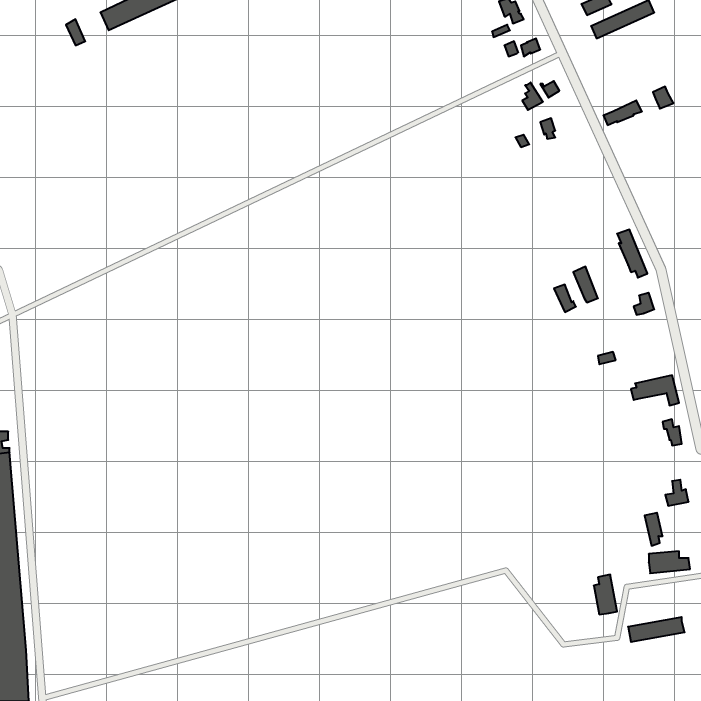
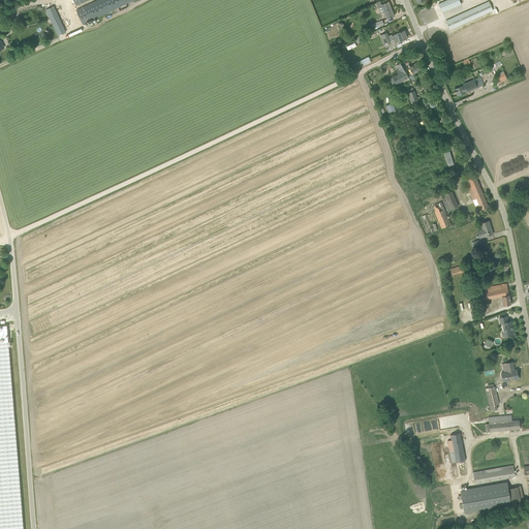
building: none -> [459,481,510,511]

